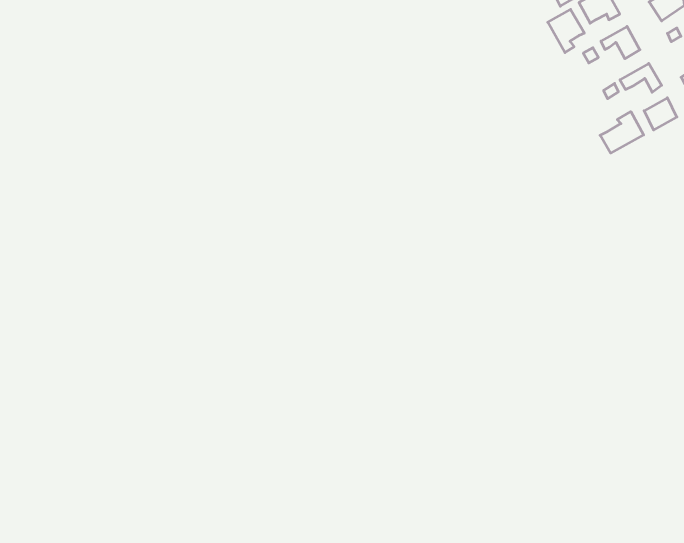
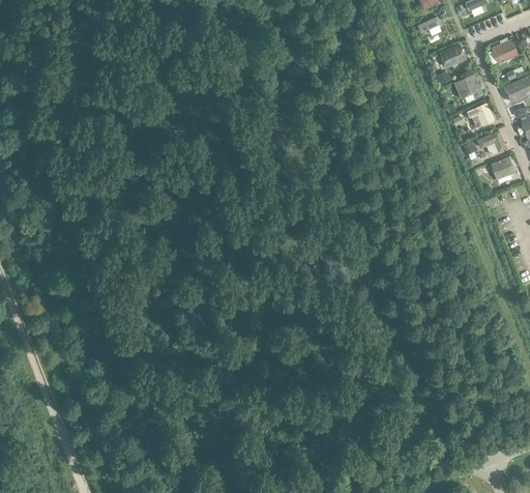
building: [548,9,584,53] -> none
building: [600,112,644,153] -> none

